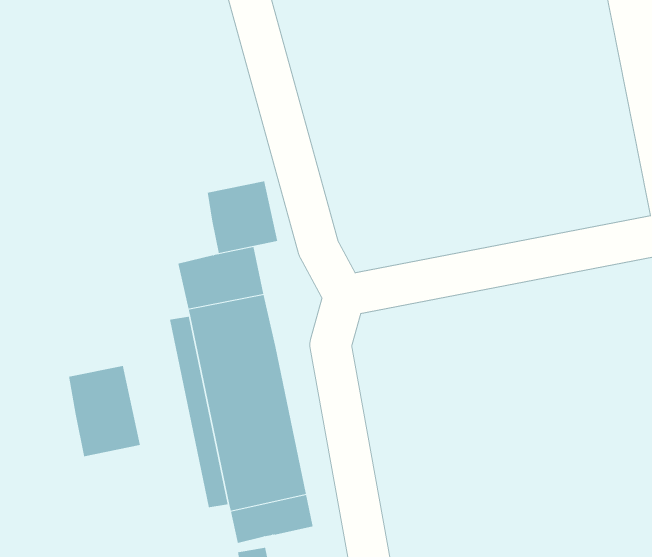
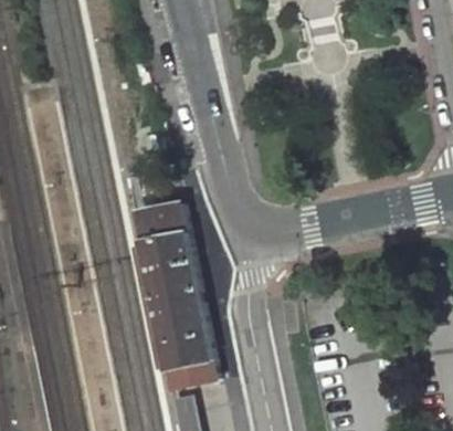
building: [207,181,278,254] -> none
building: [68,365,141,457] -> none

